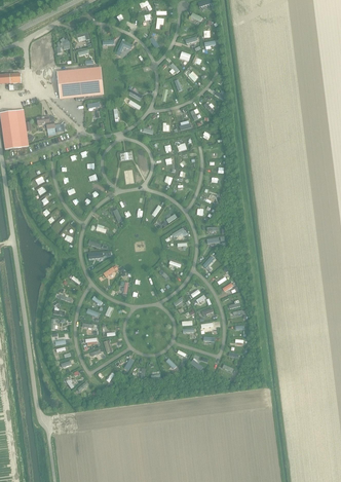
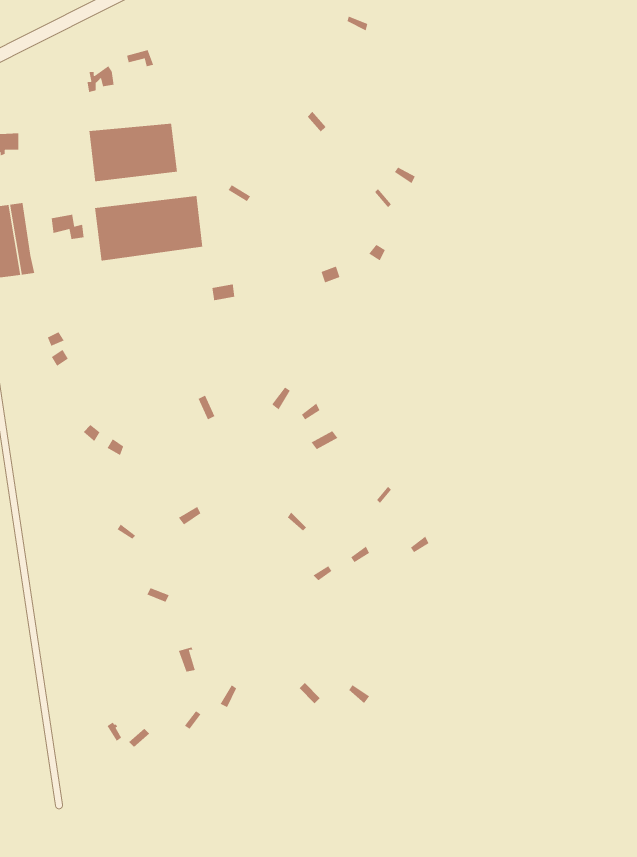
building: none -> [94,195,203,261]

